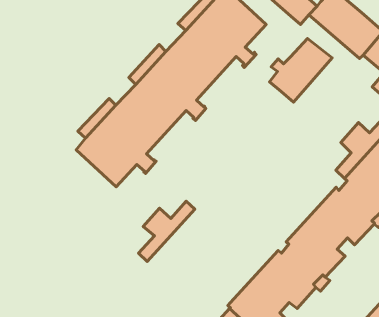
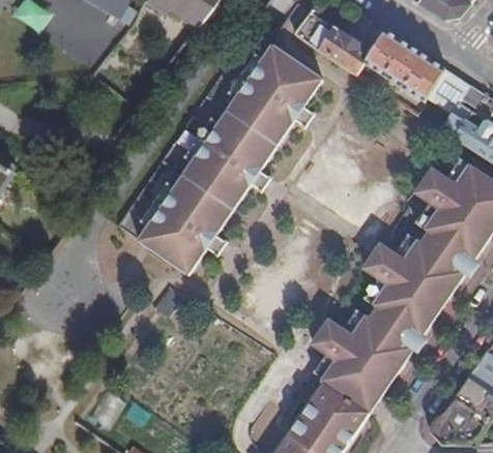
building: [269,38,332,102] -> none
building: none -> [364,234,418,306]
building: [138,201,195,261] -> [314,309,367,379]

